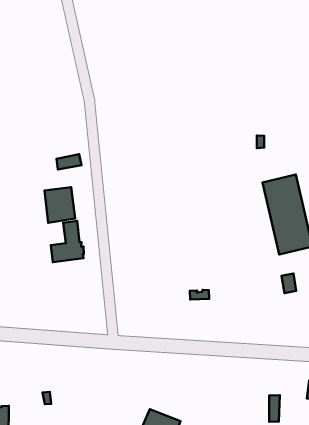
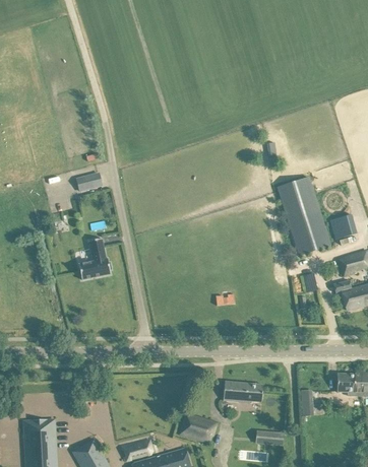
building: [44,187,75,223] -> none
building: none -> [223,381,263,402]

